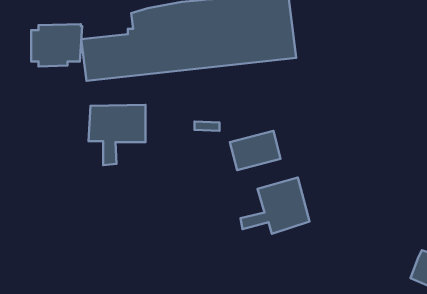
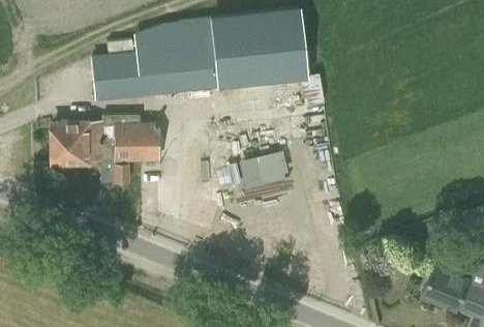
building: [31,24,82,67] -> [52,122,102,165]
building: [241,177,309,234] -> none

